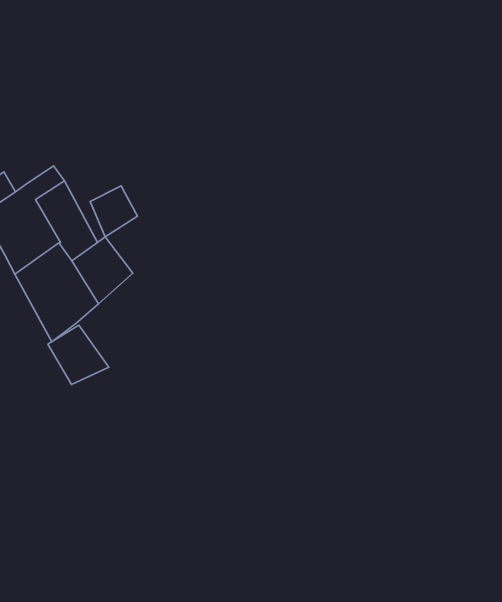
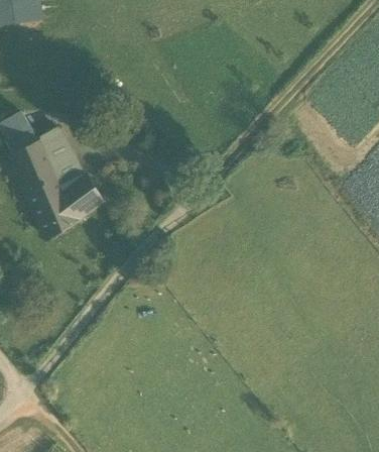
building: [90,186,137,237] -> none
building: [48,325,109,385] -> none

